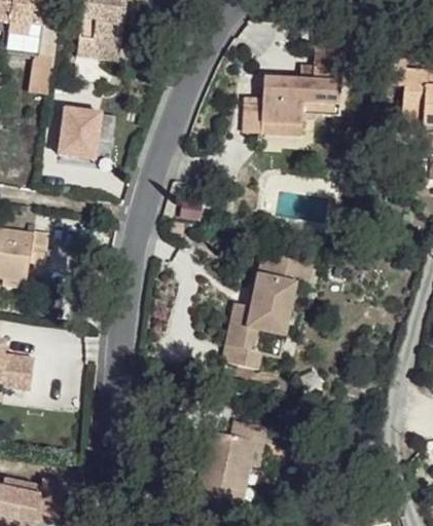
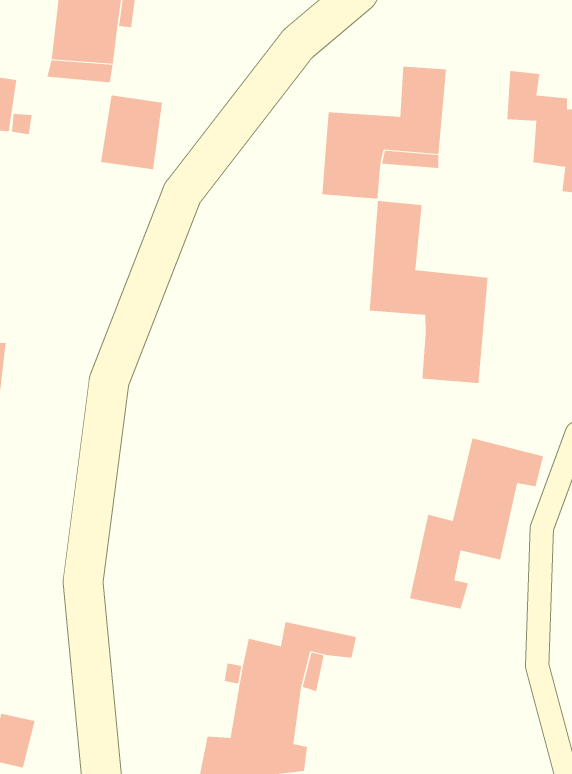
building: [59,107,101,157] -> [100,95,163,170]
building: none -> [369,200,488,384]
building: [221,251,312,366] -> [409,438,544,609]

